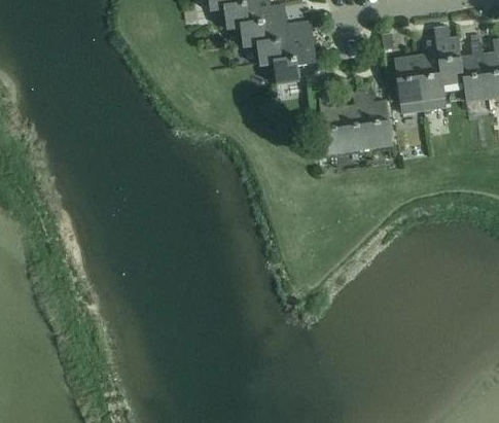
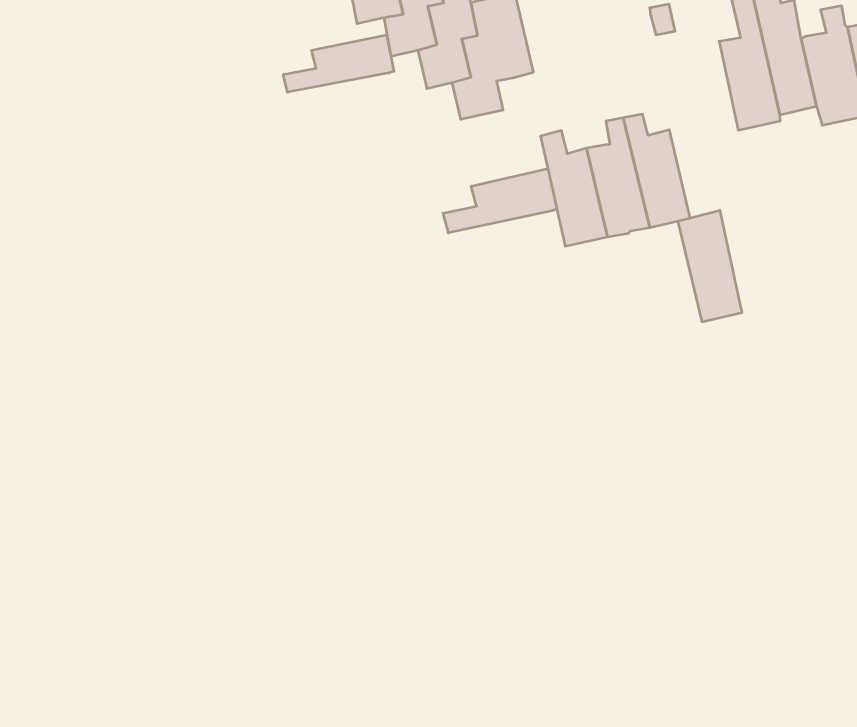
building: none -> [283,35,394,92]
building: [393,55,423,112] -> [678,210,742,322]
building: none -> [443,169,557,233]

